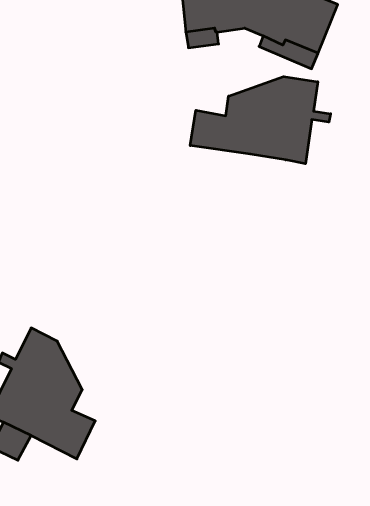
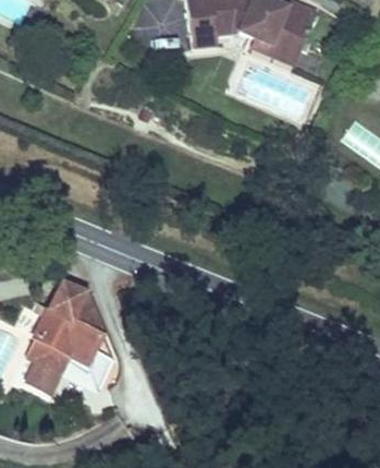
building: [190,77,331,164] -> none

